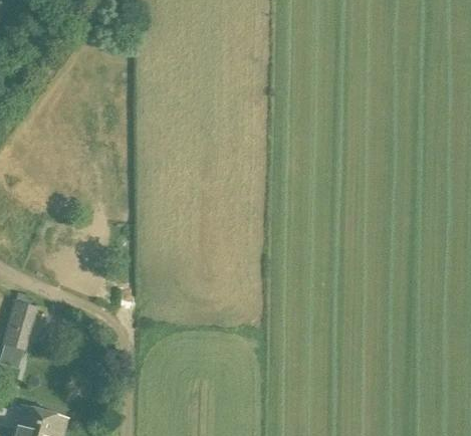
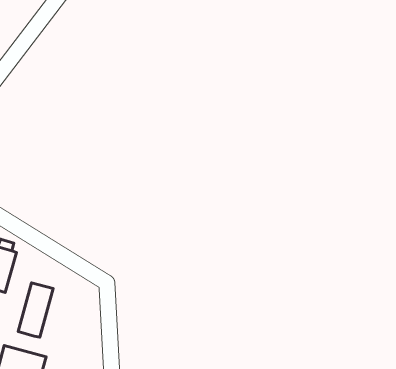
building: none -> [18,283,53,337]

